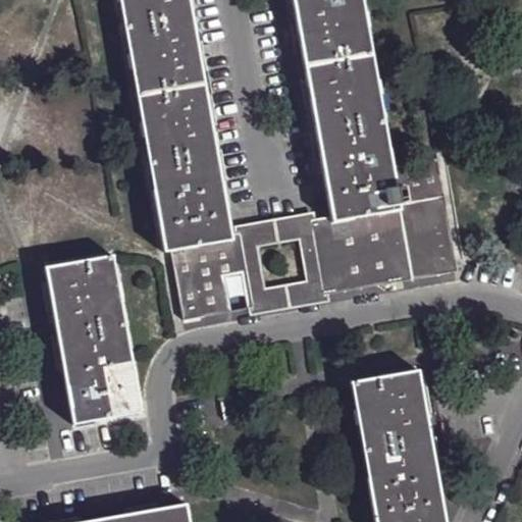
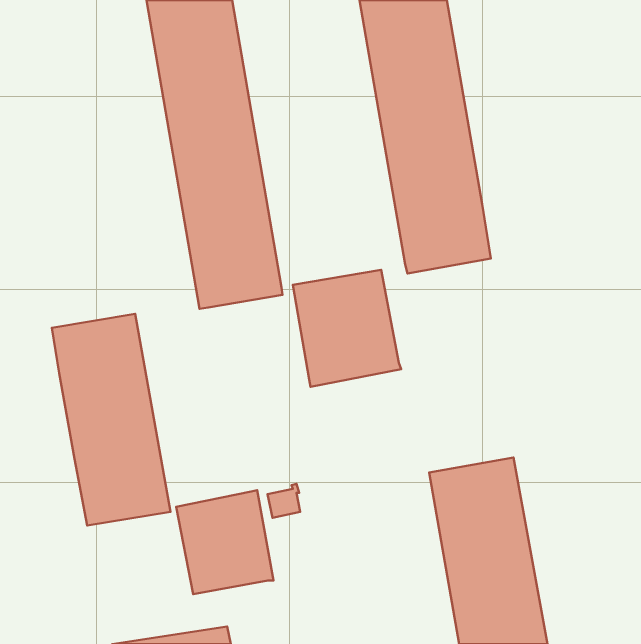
building: [311,158,458,294] -> none
building: [171,230,253,319] -> none
building: none -> [176,490,273,594]

